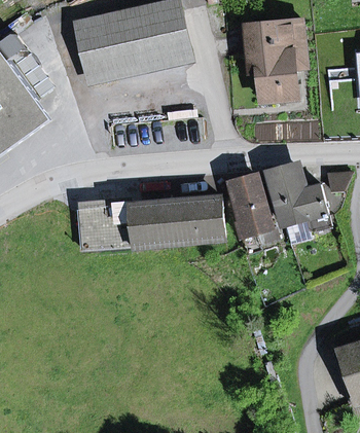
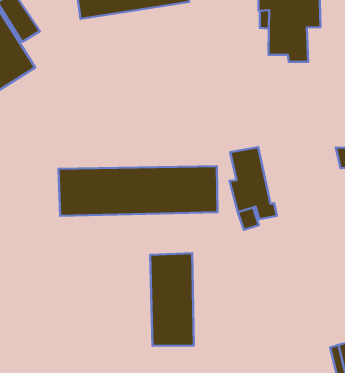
building: [269,166,330,228] -> none
building: none -> [150,253,194,346]

